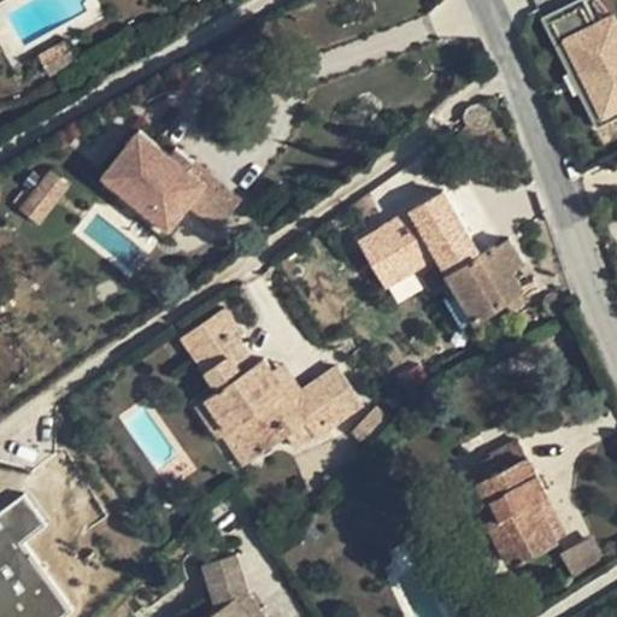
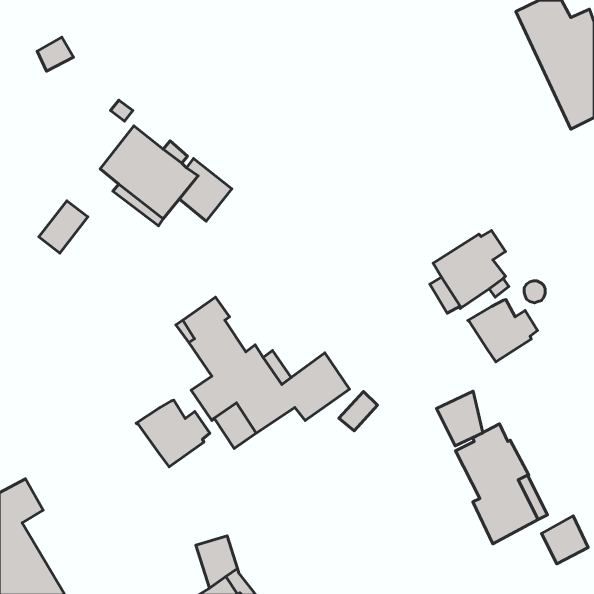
building: [20,172,71,227] -> [39,201,88,253]
building: [359,192,470,277] -> none
building: none -> [468,300,538,362]
building: none -> [437,391,483,446]
building: none -> [136,400,210,467]

